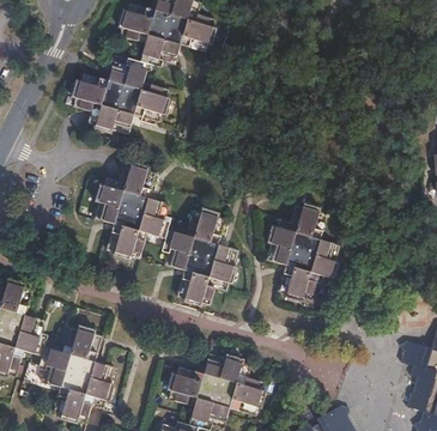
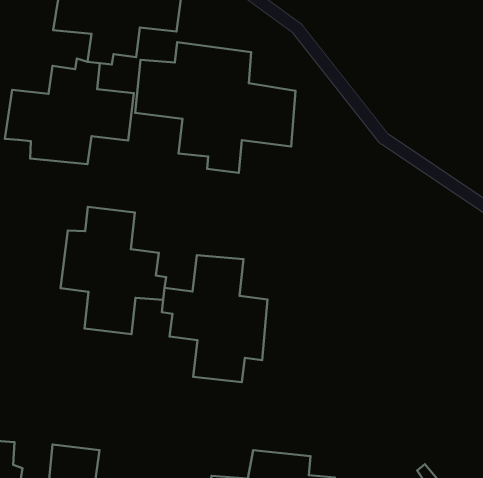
building: none -> [135,42,295,173]
building: [266,204,339,298] -> none

